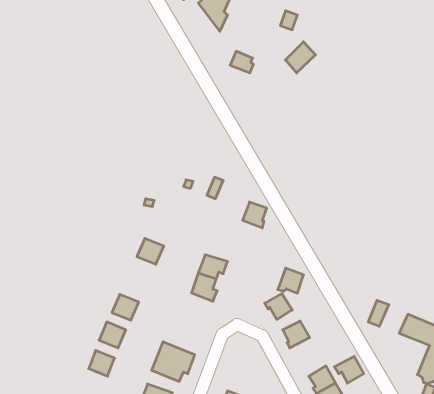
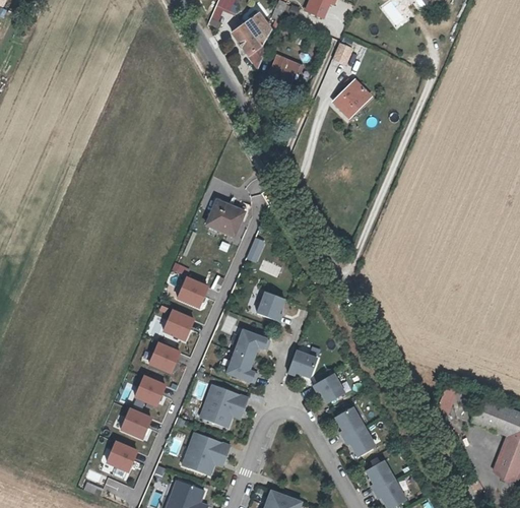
building: [230,51,253,73] -> [272,53,300,78]
building: none -> [207,199,243,234]
building: [243,202,267,228] -> [257,293,285,323]
building: none -> [176,274,206,306]
building: none -> [147,343,179,374]
building: [278,268,304,293] -> [287,351,318,380]
building: none -> [198,384,249,429]
building: [334,356,364,383] -> [342,427,377,458]

